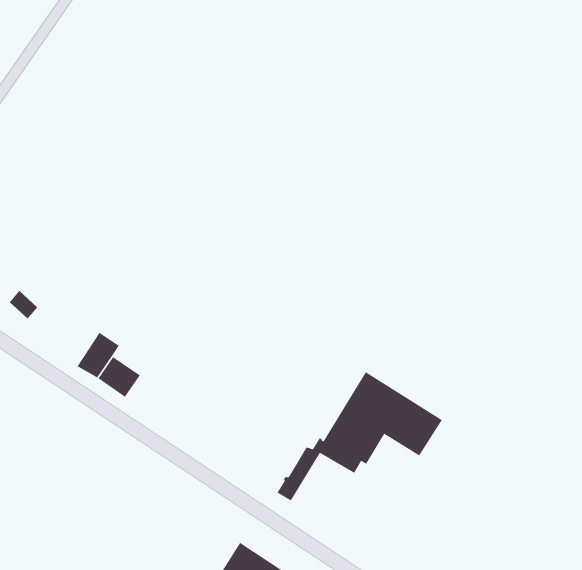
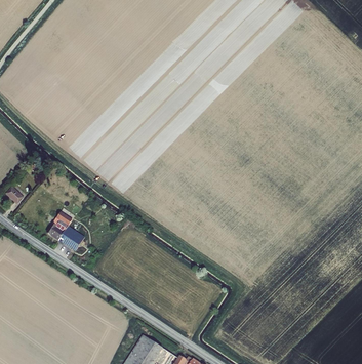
building: [277,371,443,502] -> none

